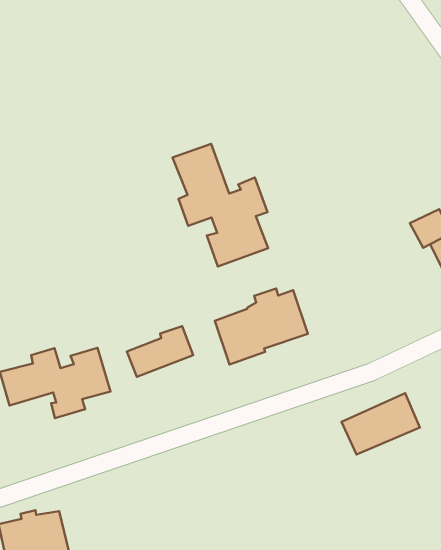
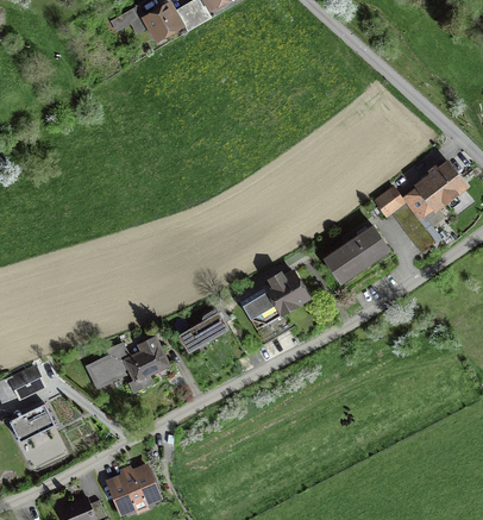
building: [173,144,268,266] -> none
building: [341,393,420,455] -> [326,230,385,282]

